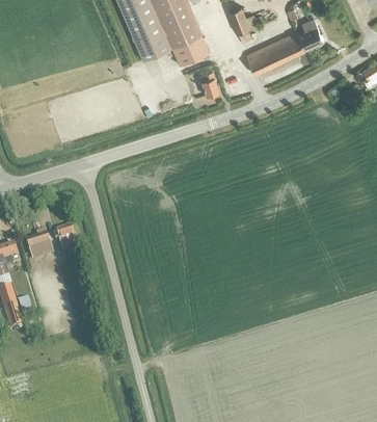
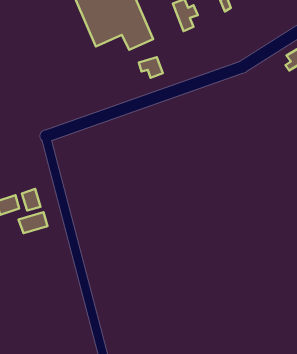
building: [248,18,326,72] -> none
building: none -> [18,212,47,233]

